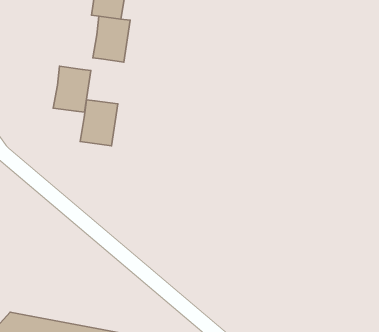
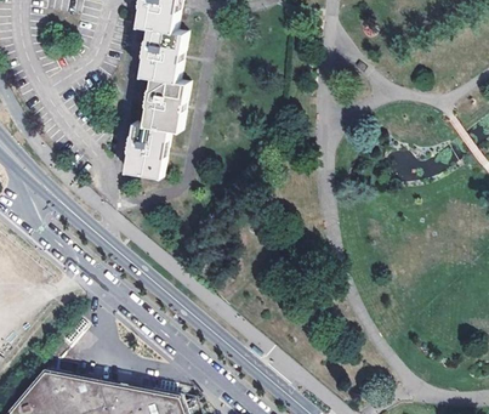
building: [53,66,91,112] -> [138,76,182,130]

